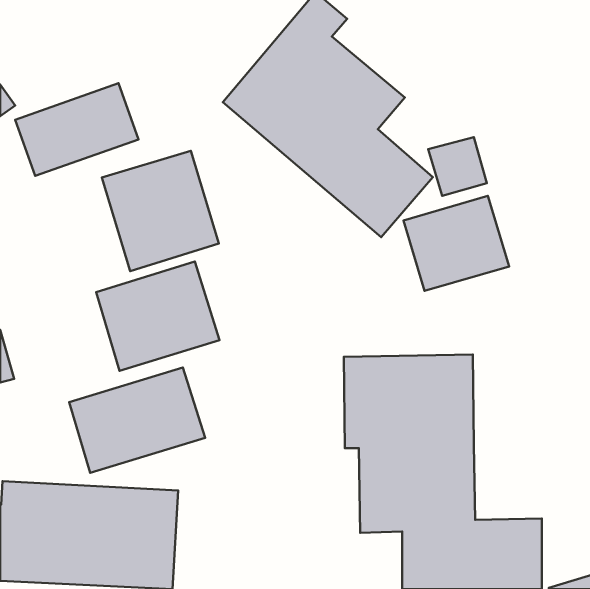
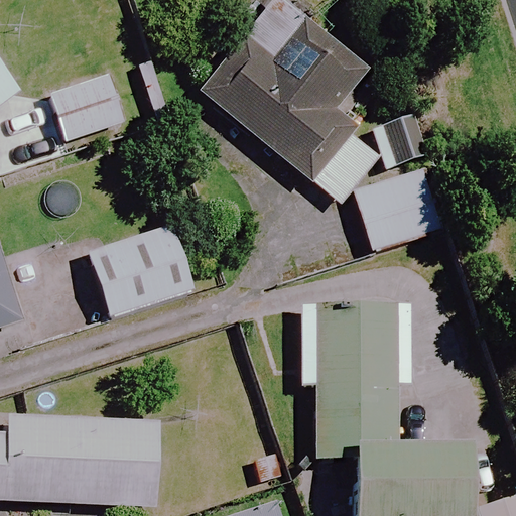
building: [102,151,219,271] -> none
building: [69,368,205,473] -> none

